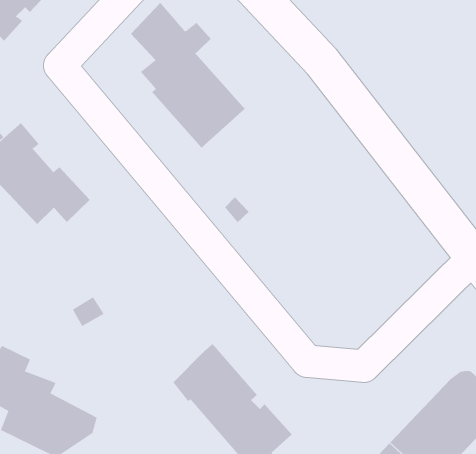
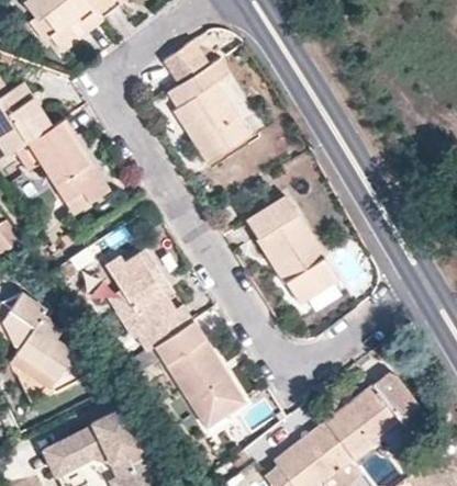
building: none -> [246,194,336,301]
building: none -> [103,248,182,351]

